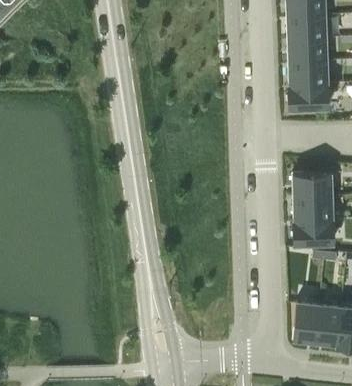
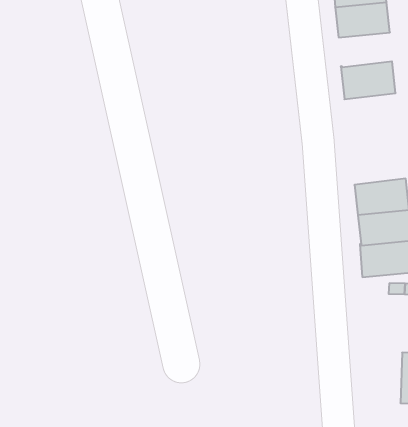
building: [289,67,328,91] -> none
building: [294,306,320,347] -> none

